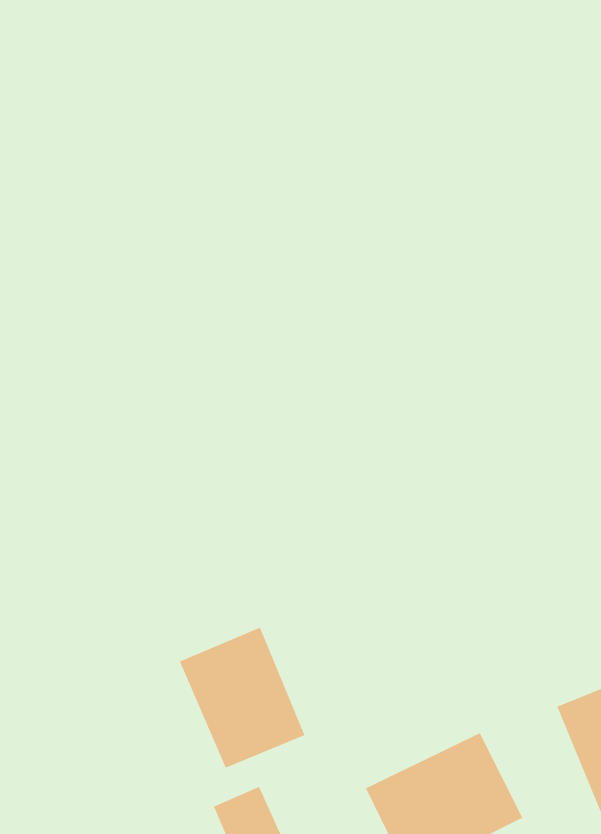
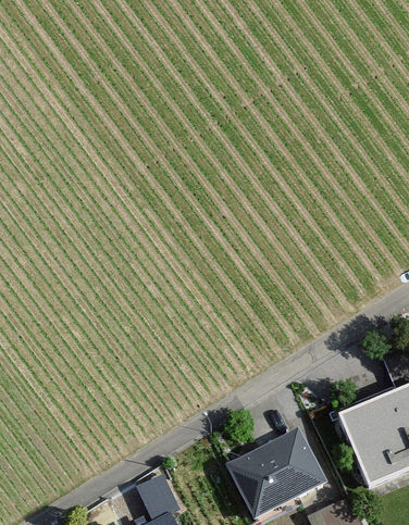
building: [179,627,305,769] -> none

